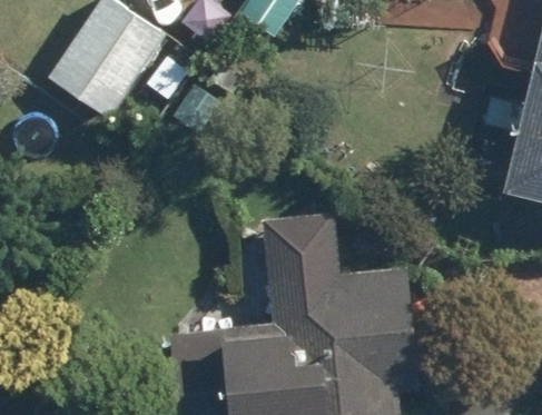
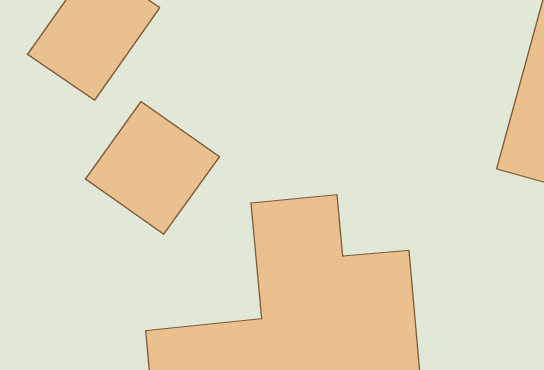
building: none -> [85,102,219,234]

